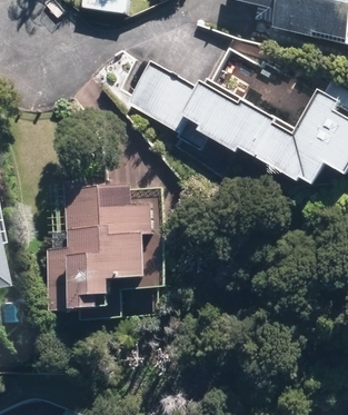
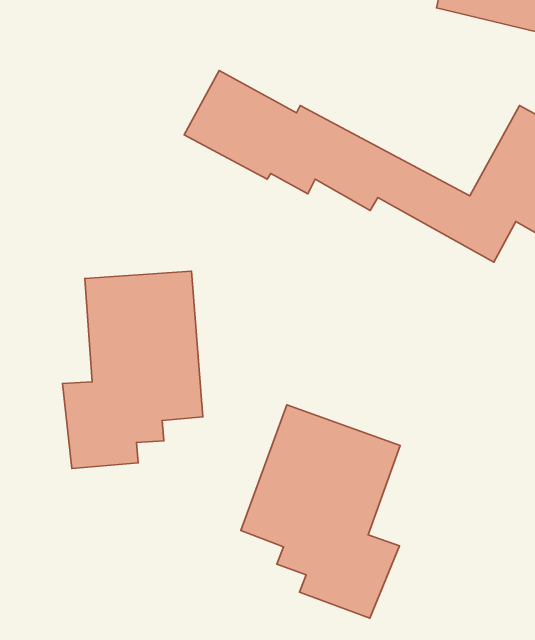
building: none -> [241,405,400,618]

